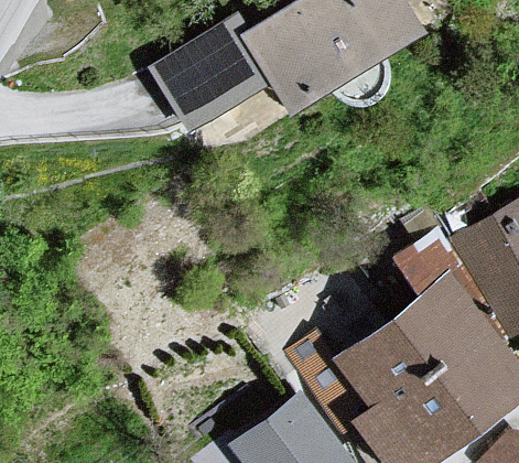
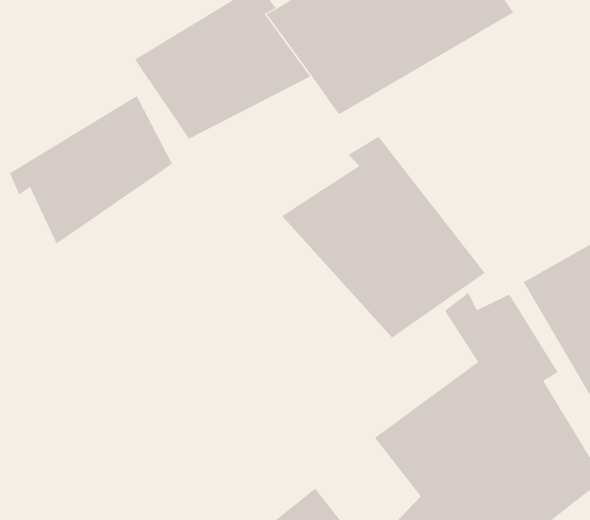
building: none -> [9,95,173,245]
building: none -> [281,136,485,339]

